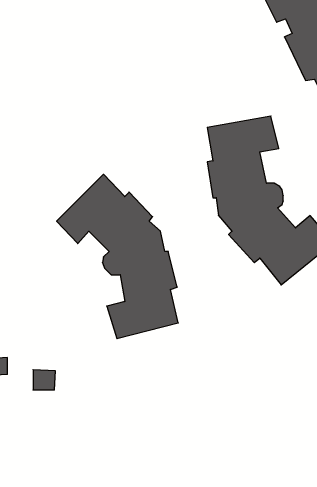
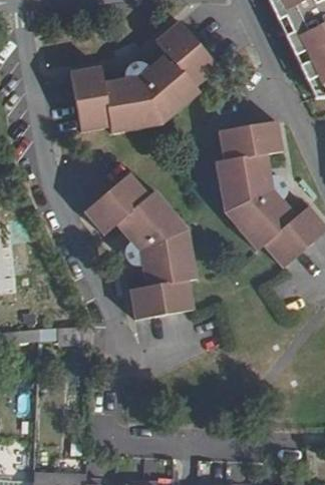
building: none -> [69,16,222,131]

